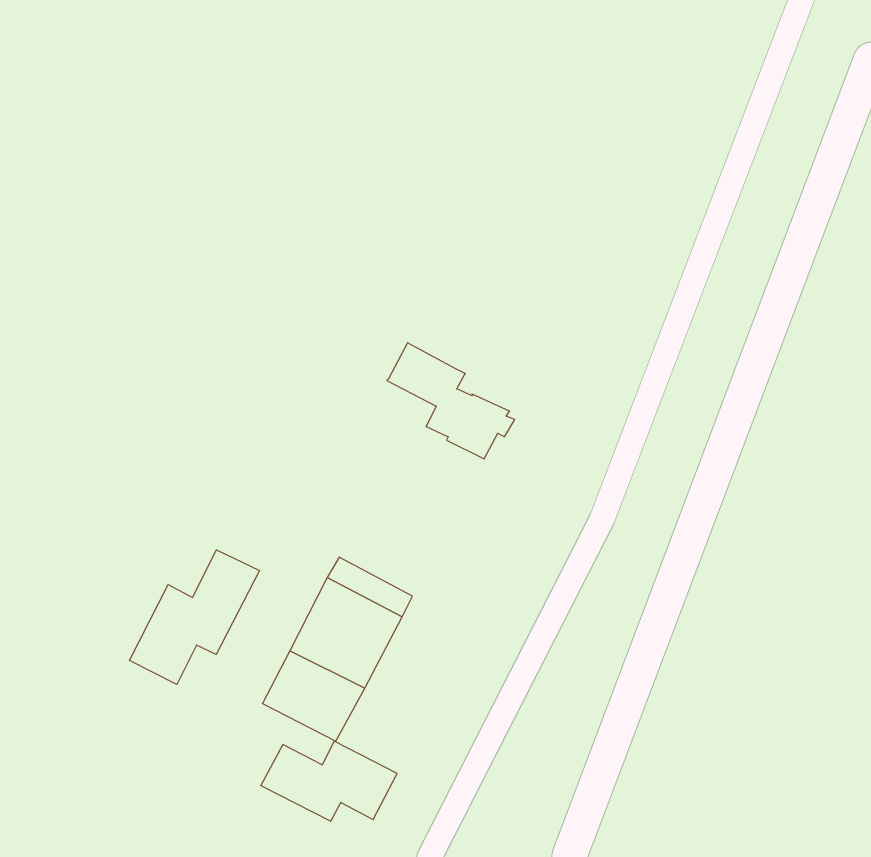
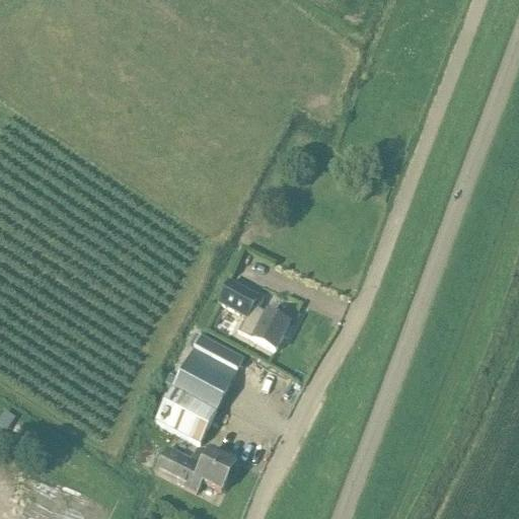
building: [387,343,515,459] -> [217,278,293,347]
building: [129,550,259,684] -> none

